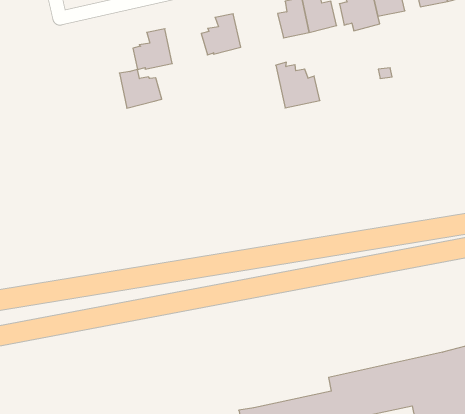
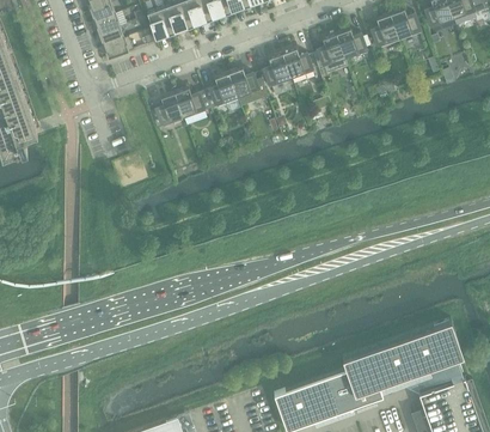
building: [276,62,320,108] -> [227,69,267,107]
building: [119,70,162,108] -> [173,87,210,120]

